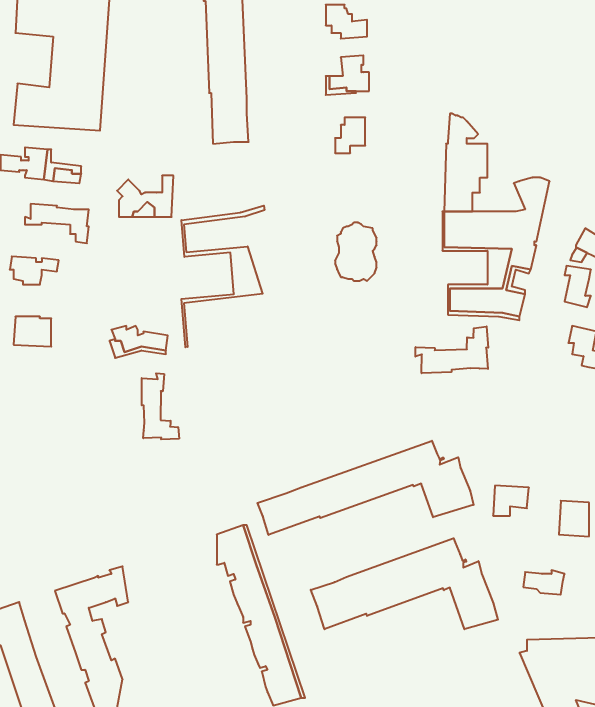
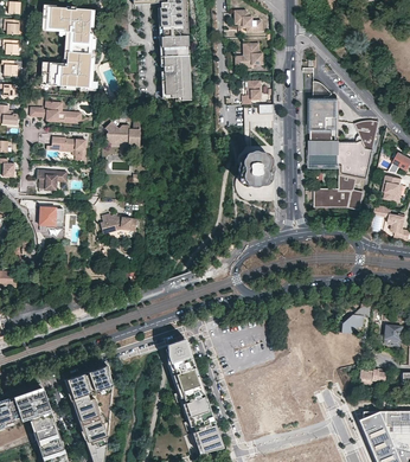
building: [181,206,264,347] -> none
building: [415,326,488,373] -> none
building: [142,373,179,439] -> none
building: [257,441,474,535] -> none
building: [311,538,498,629] -> none

